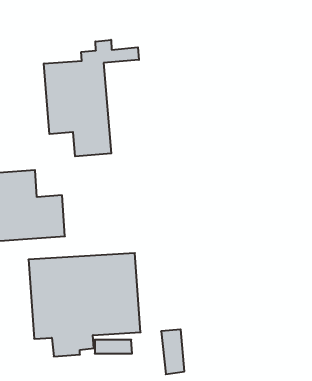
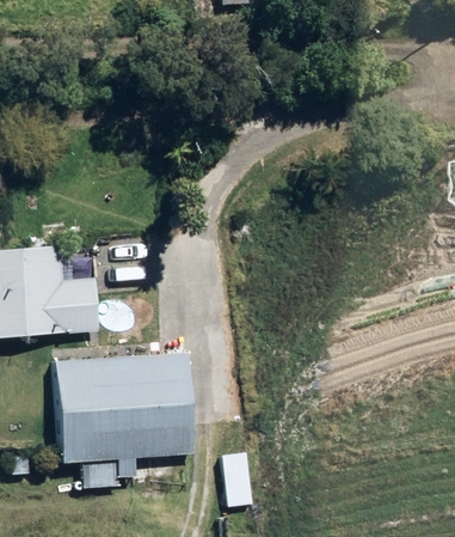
building: [44,40,139,156] -> none

